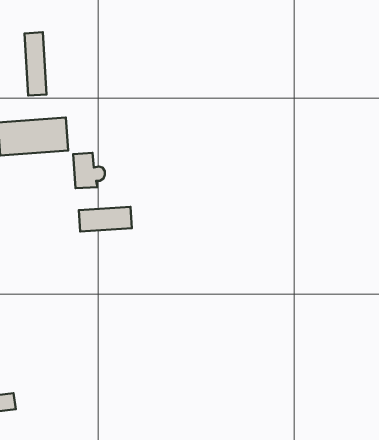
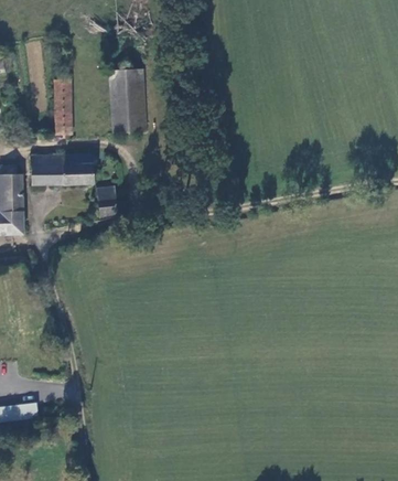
building: none -> [110,67,148,131]
building: [79,207,132,231] -> none

